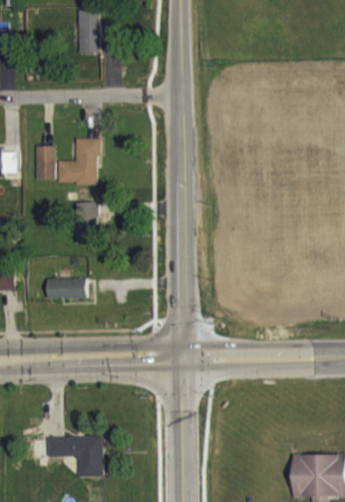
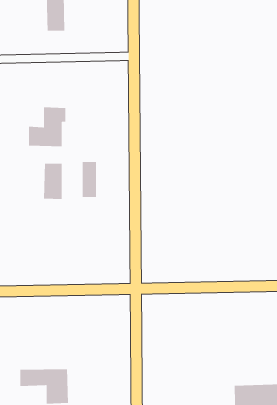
building: [35,145,54,179] -> none
building: none -> [82,161,97,198]
building: [46,278,85,299] -> none

